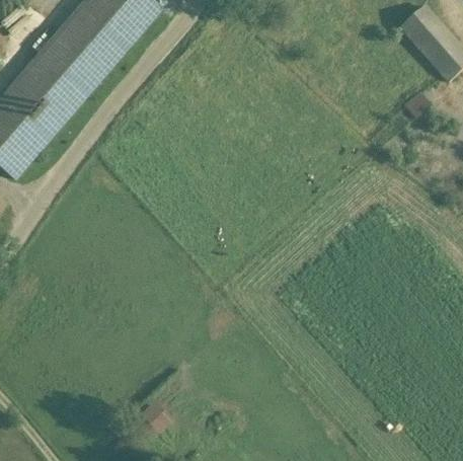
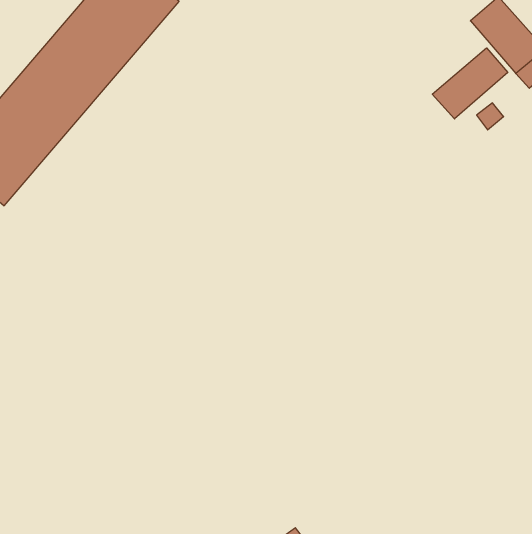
building: none -> [432,48,508,119]

